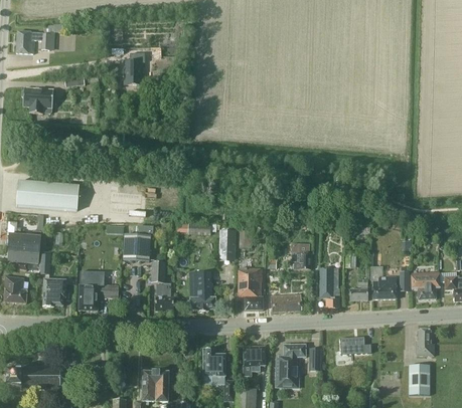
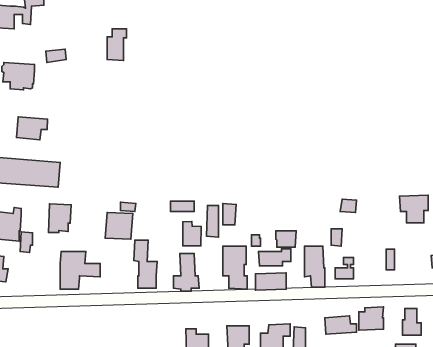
building: none -> [16,117,47,140]
building: none -> [183,221,201,246]
building: none -> [258,249,291,266]
building: [411,271,439,298] -> [399,195,428,223]
building: [372,275,397,298] -> [359,307,383,330]
building: [43,278,65,307] -> [49,204,71,232]

